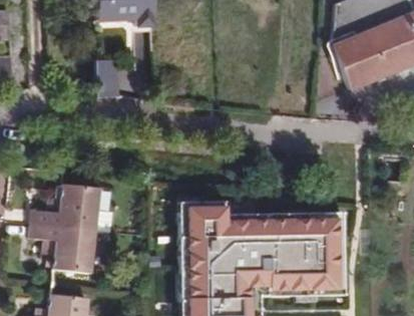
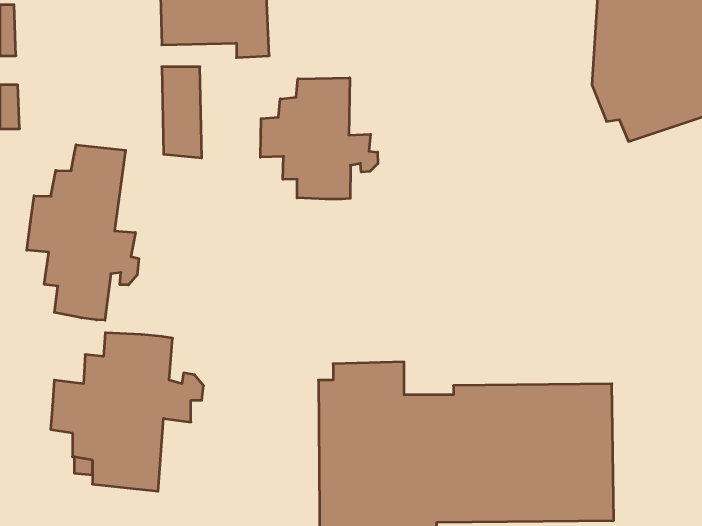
building: none -> [260,78,378,199]
building: none -> [27,145,139,320]

